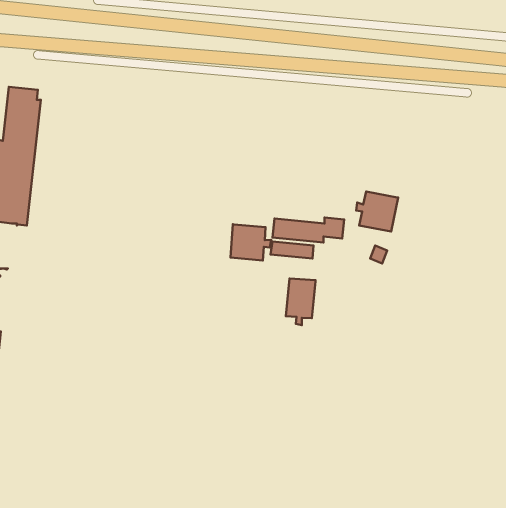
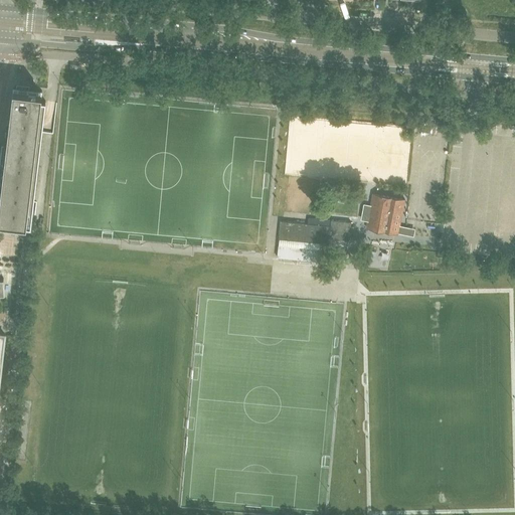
building: [230,224,271,261] -> none
building: [286,279,316,325] -> none

